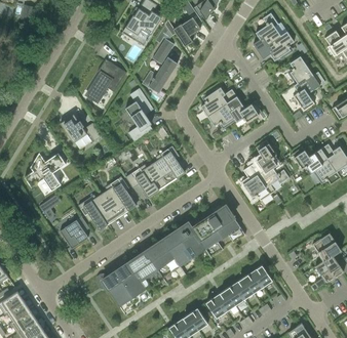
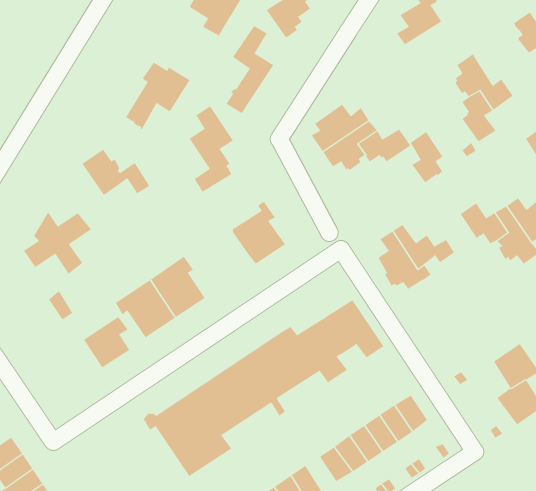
building: [258,31,294,60] -> none
building: [256,139,276,171] -> [410,131,443,183]
building: [125,163,166,197] -> none

